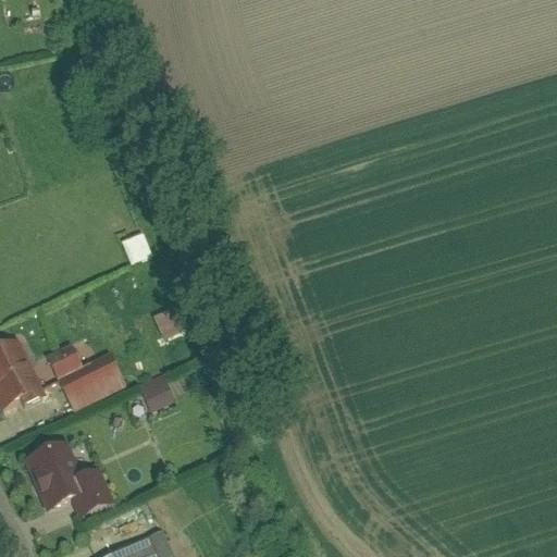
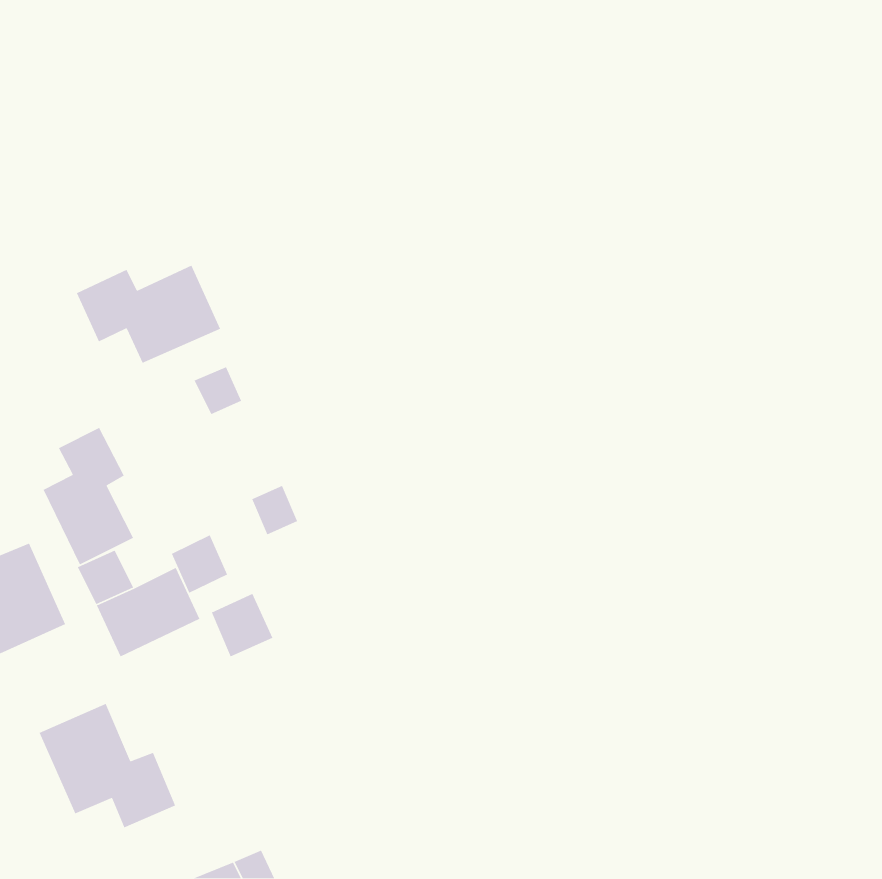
building: none -> [76,264,221,364]
building: none -> [42,427,134,565]
building: none -> [171,534,228,594]

